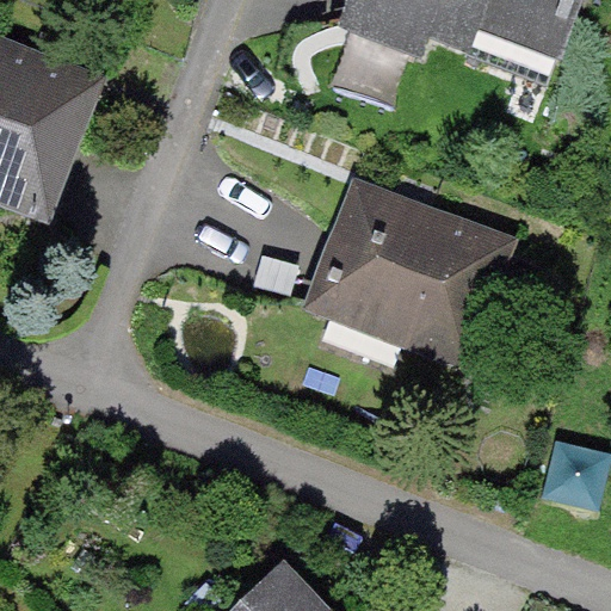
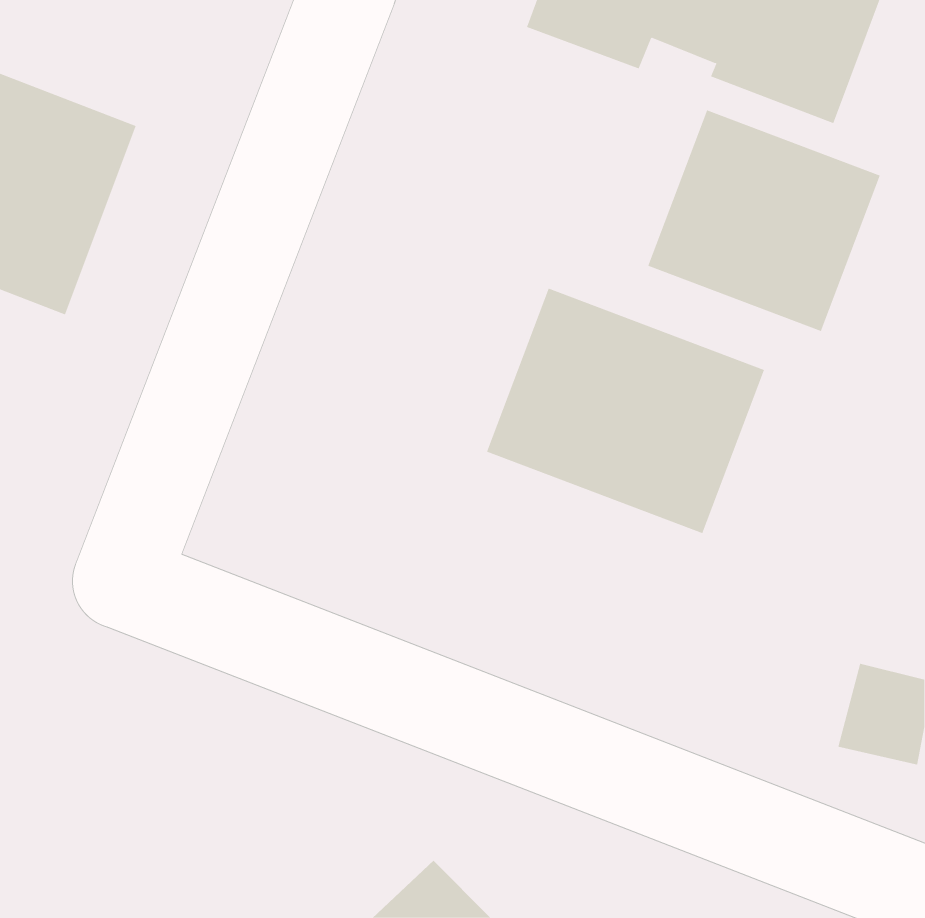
building: none -> [648,109,881,332]

